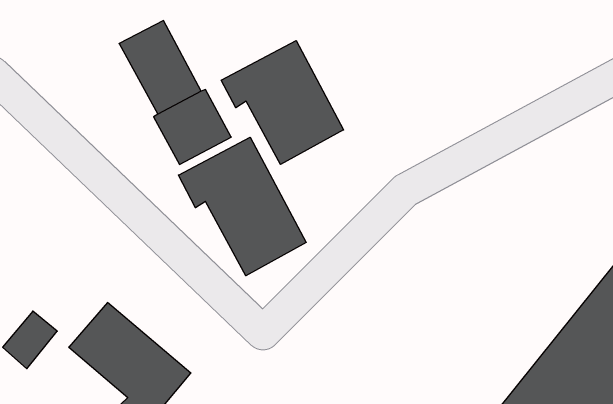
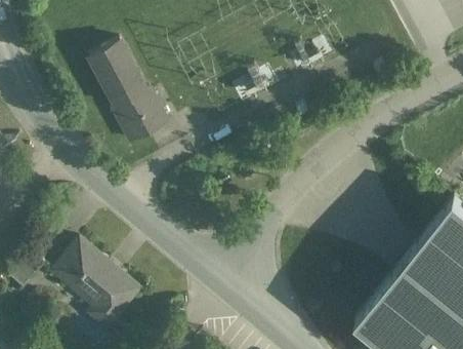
building: [221,41,344,164] -> none
building: [178,137,306,276] -> none

